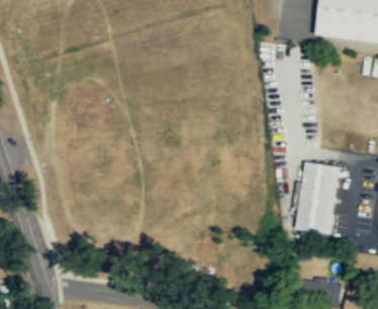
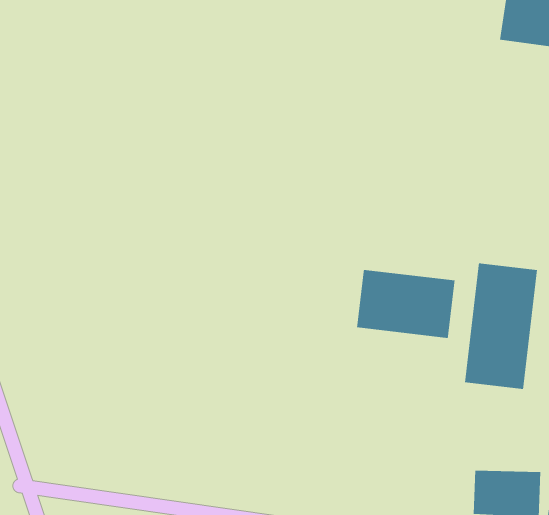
building: none -> [356,269,455,339]

